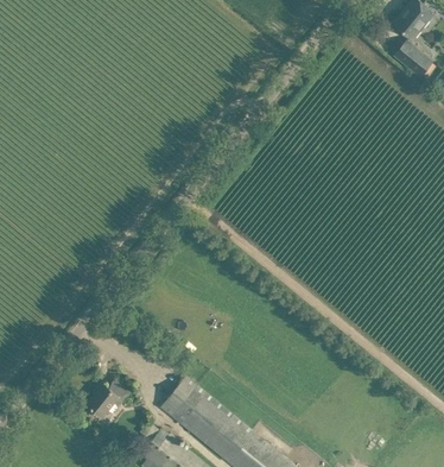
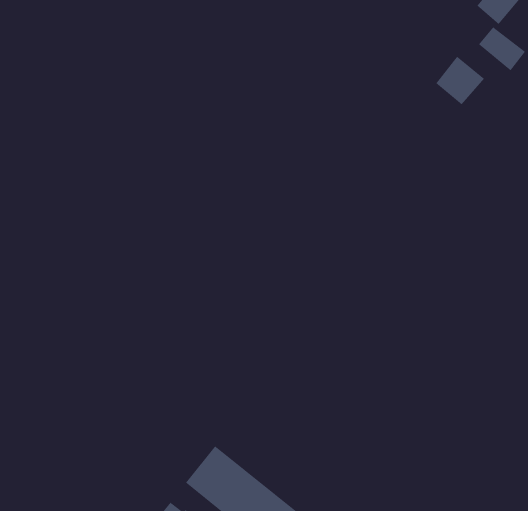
building: none -> [436,56,485,105]
building: [88,381,131,419] -> none

